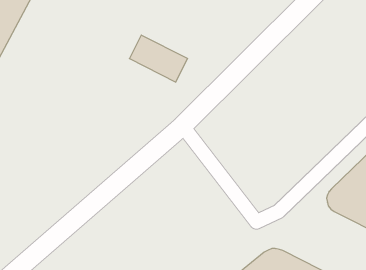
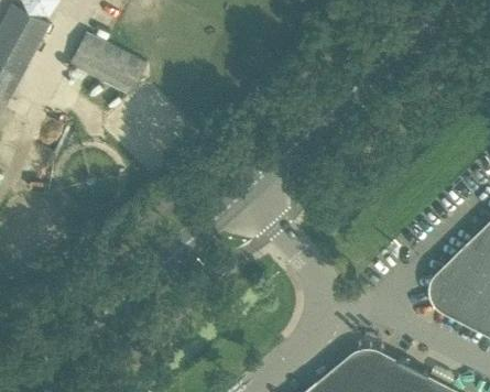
building: [129,35,188,82] -> [70,31,146,92]

